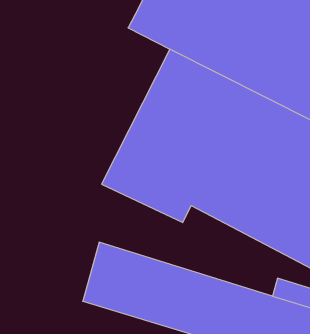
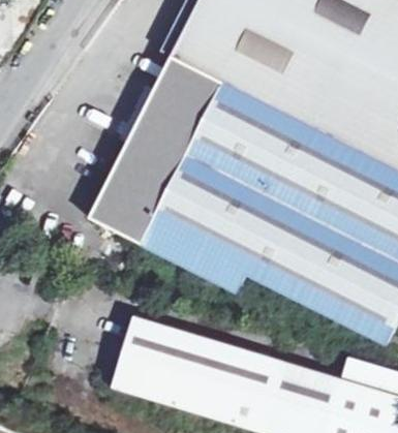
building: none -> [87,57,219,246]

